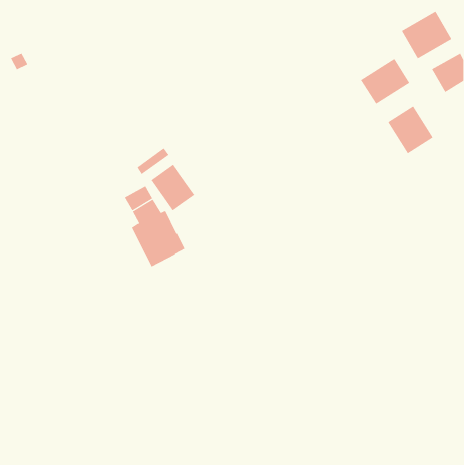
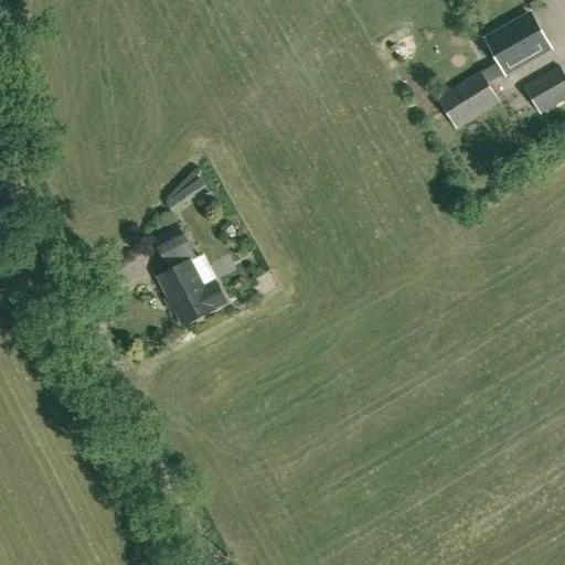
building: [387,106,434,154] -> none
building: [150,164,195,211] -> none

